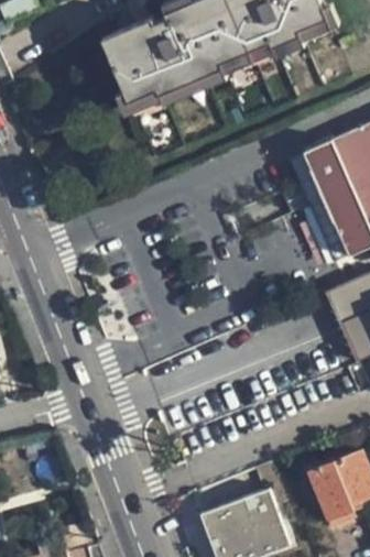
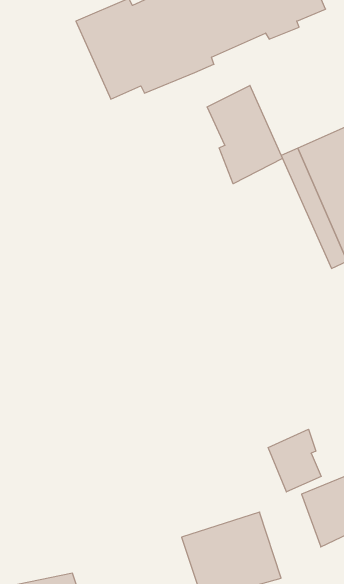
building: none -> [207,85,283,184]
building: none -> [268,429,321,492]

